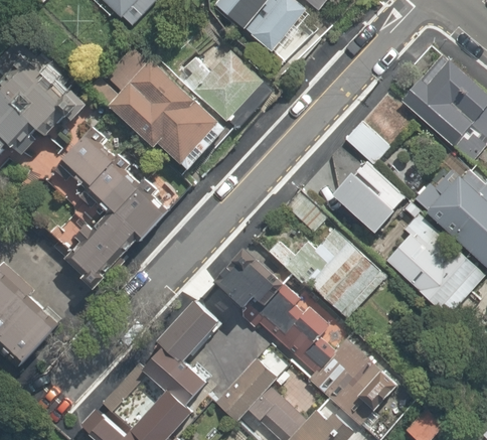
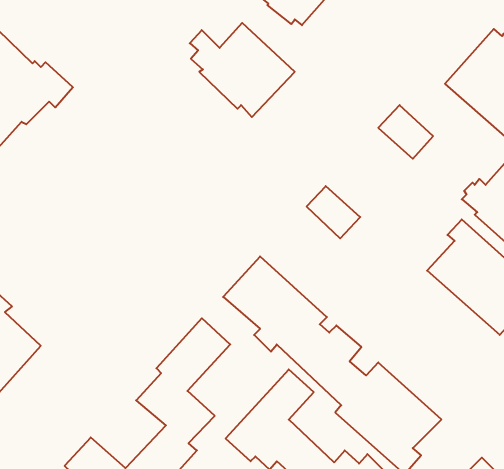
building: [87,50,226,169] -> none
building: [56,127,169,289] -> none
building: [332,161,405,234] -> none
building: [268,226,387,318] -> none

